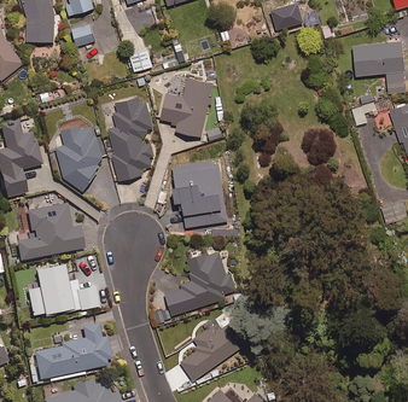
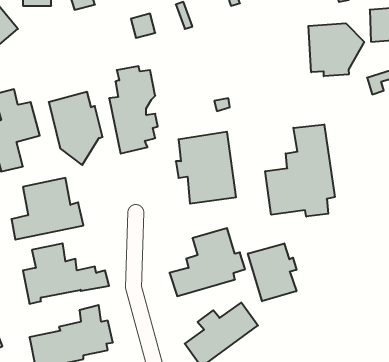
building: none -> [308,23,364,76]
building: [161,77,211,136] -> none
building: none -> [265,124,335,217]
building: none -> [248,243,296,301]

